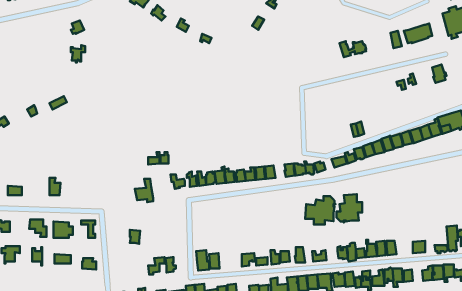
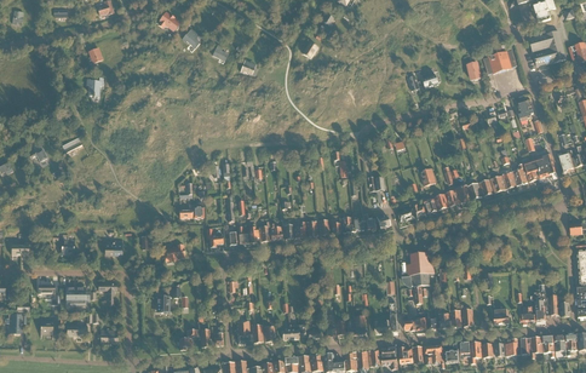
building: [305,196,336,225] -> none

